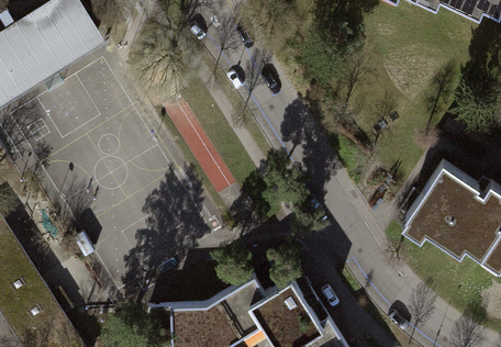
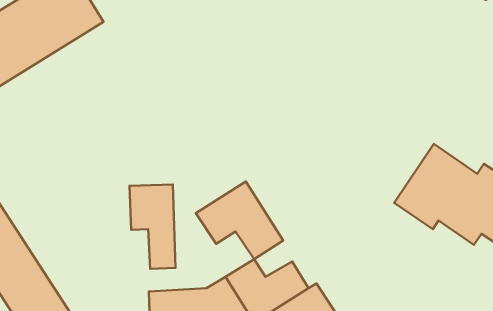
building: none -> [196,181,283,259]
building: none -> [130,184,175,269]

